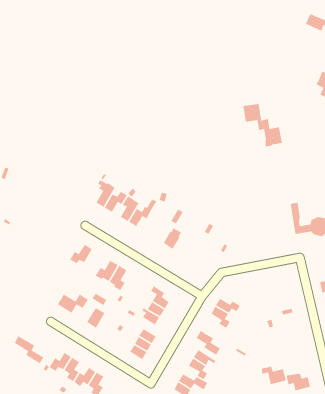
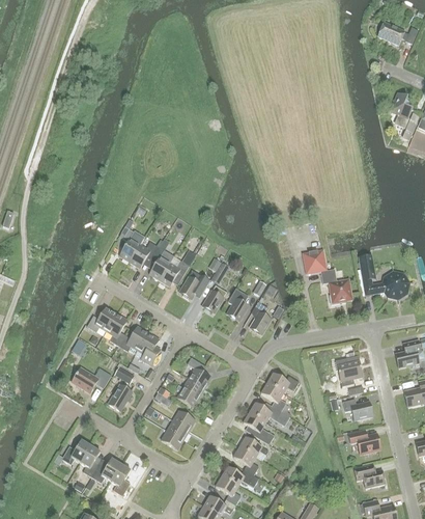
building: [242,103,283,148] -> [303,249,352,304]
building: none -> [179,270,209,299]
building: none -> [226,288,248,321]
building: none -> [249,301,271,334]
building: none -> [106,312,128,346]
building: none -> [335,355,362,381]
building: none -> [342,398,372,419]
building: none -> [249,402,289,426]
building: [14,335,45,364] -> none
building: [261,366,287,385] -> [348,430,380,454]

